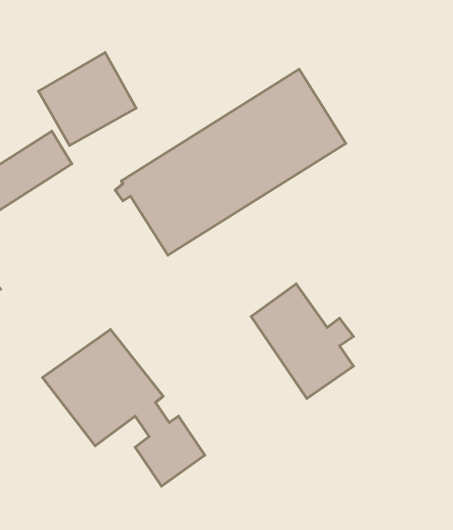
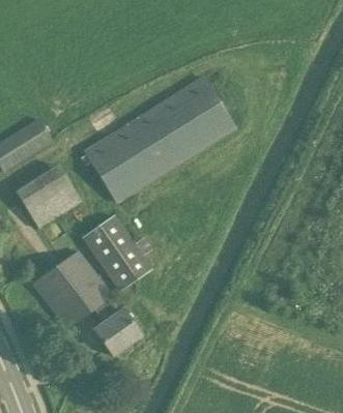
building: [39,52,136,145] -> [18,161,83,224]
building: [251,284,353,399] -> [83,214,151,291]

